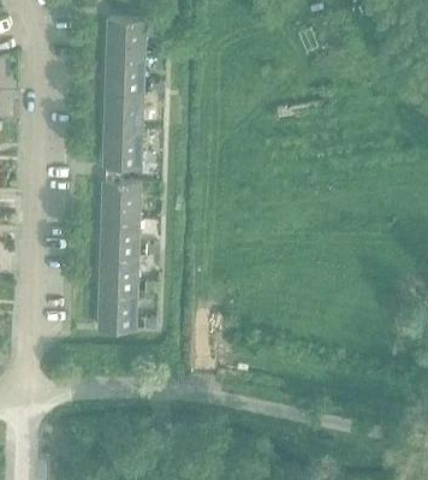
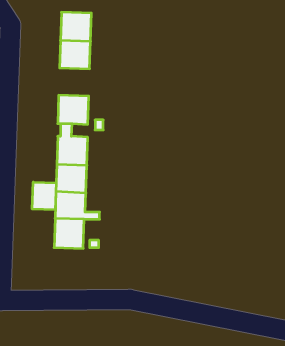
building: [103,93,144,130] -> none
building: none -> [32,182,56,210]

